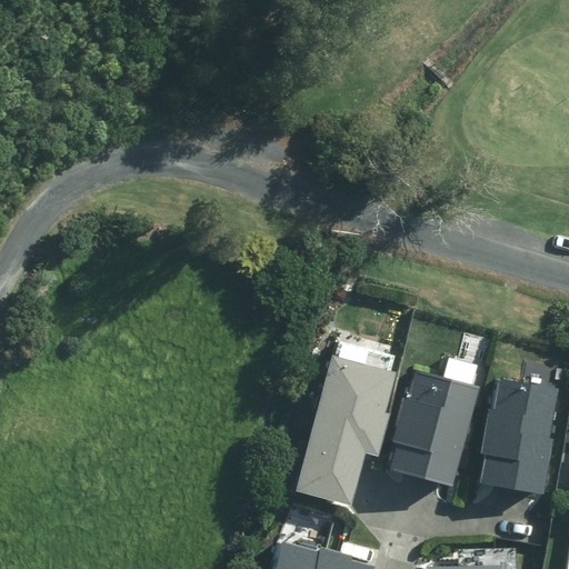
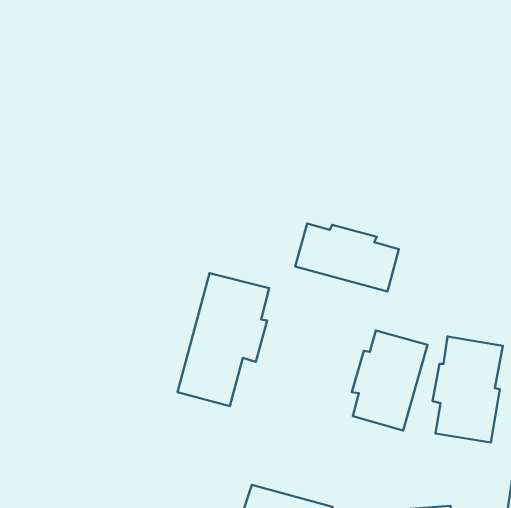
building: none -> [295,224,399,292]
building: [293,356,395,502] -> [177,273,269,406]

